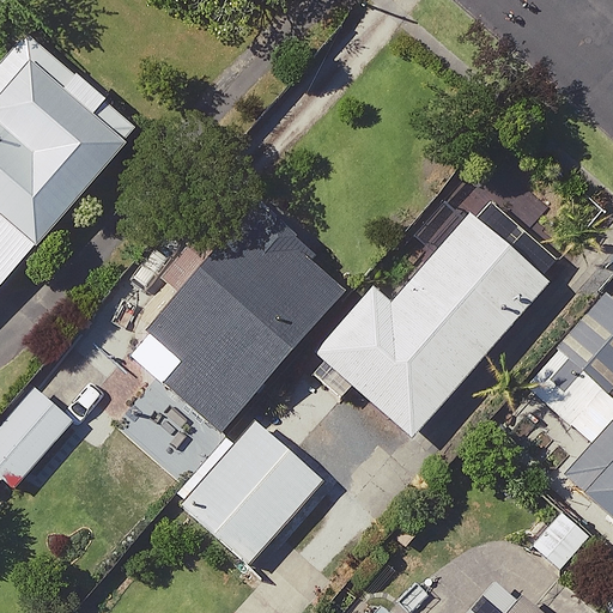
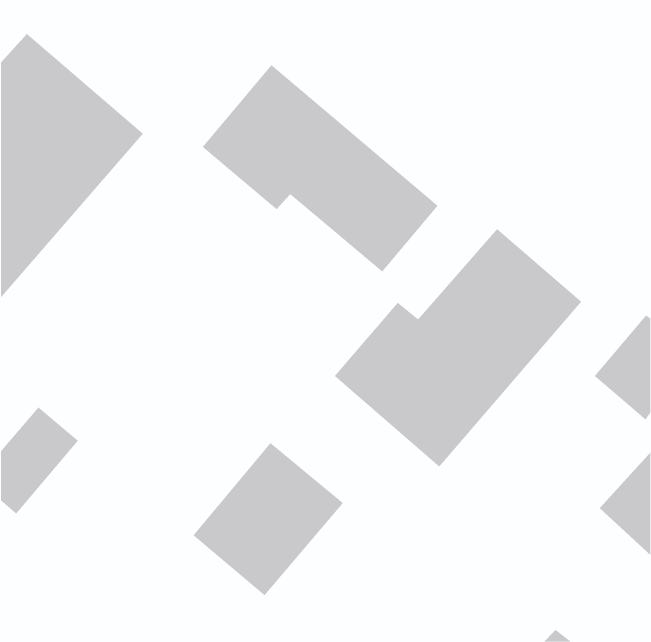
building: none -> [202,64,438,272]
building: [144,202,348,437] -> none

